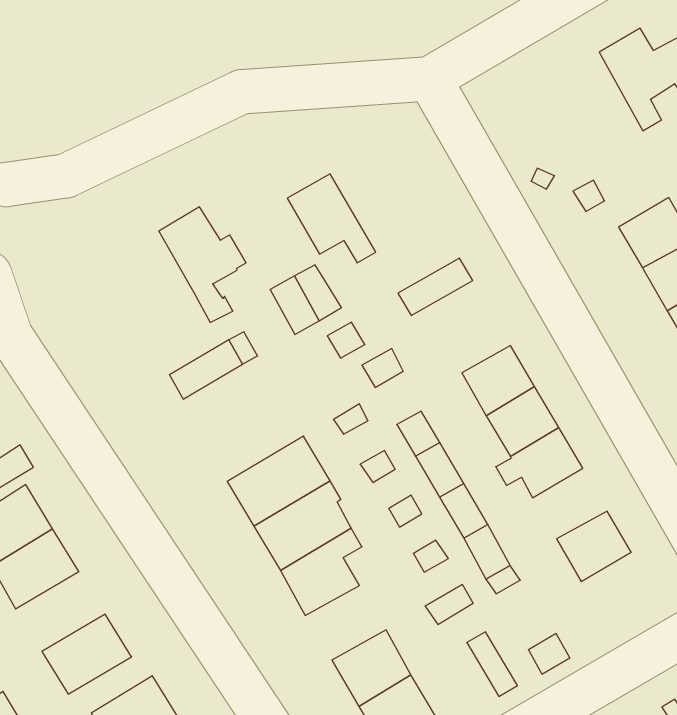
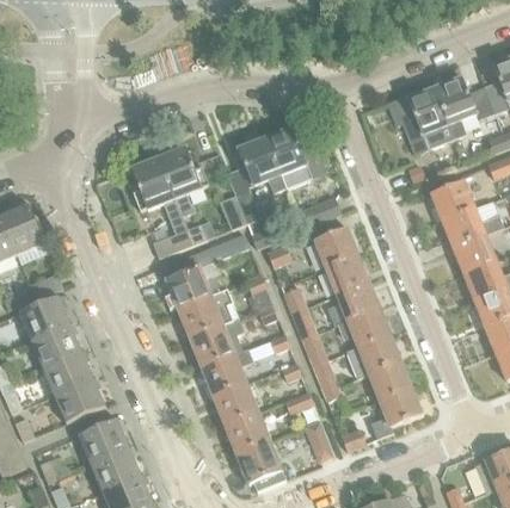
building: none -> [387,89,454,156]
building: none -> [265,123,325,188]
building: none -> [131,157,182,221]
building: none -> [315,228,357,267]
building: none -> [160,235,248,311]
building: none -> [346,334,400,378]
building: none -> [370,388,422,439]
building: none -> [42,352,94,396]
building: none -> [213,384,259,426]

